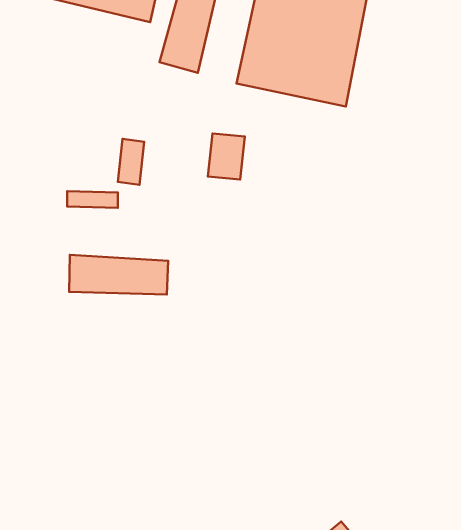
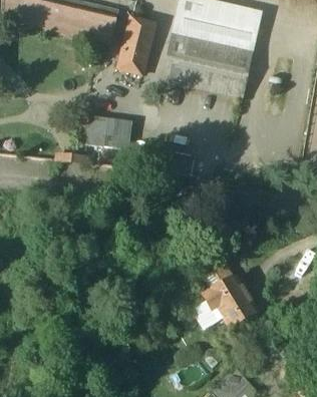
building: [208,133,245,180] -> [104,120,128,150]
building: [69,255,168,295] -> none
building: none -> [205,266,258,329]

